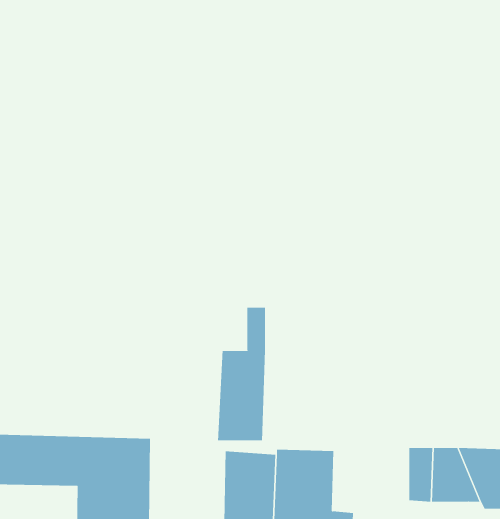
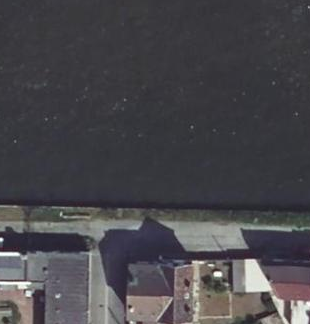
building: [217,307,266,441] -> none

